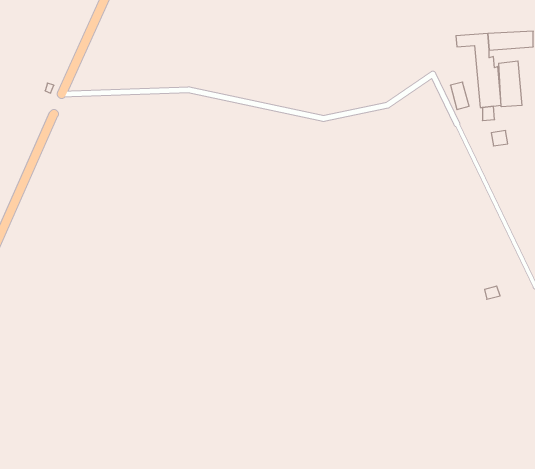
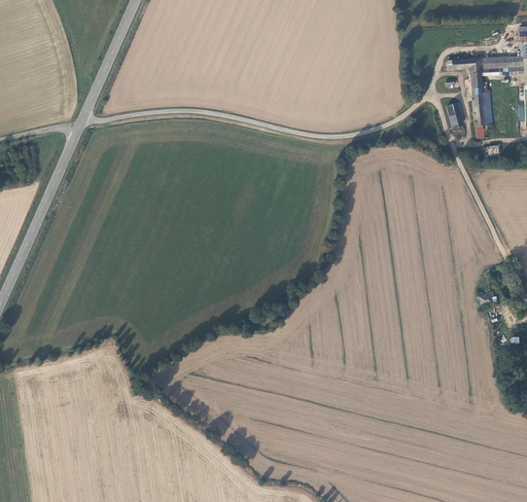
building: [499,61,522,107] -> none

